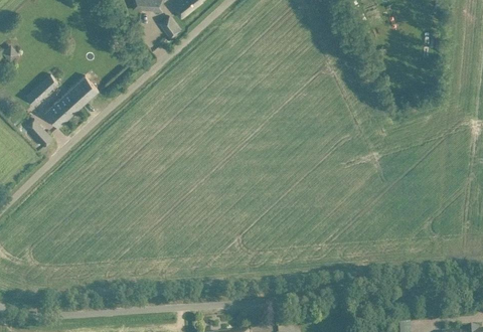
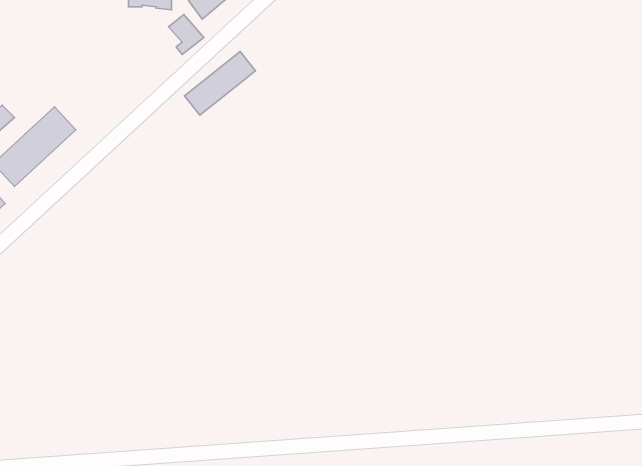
building: none -> [185,51,256,115]

